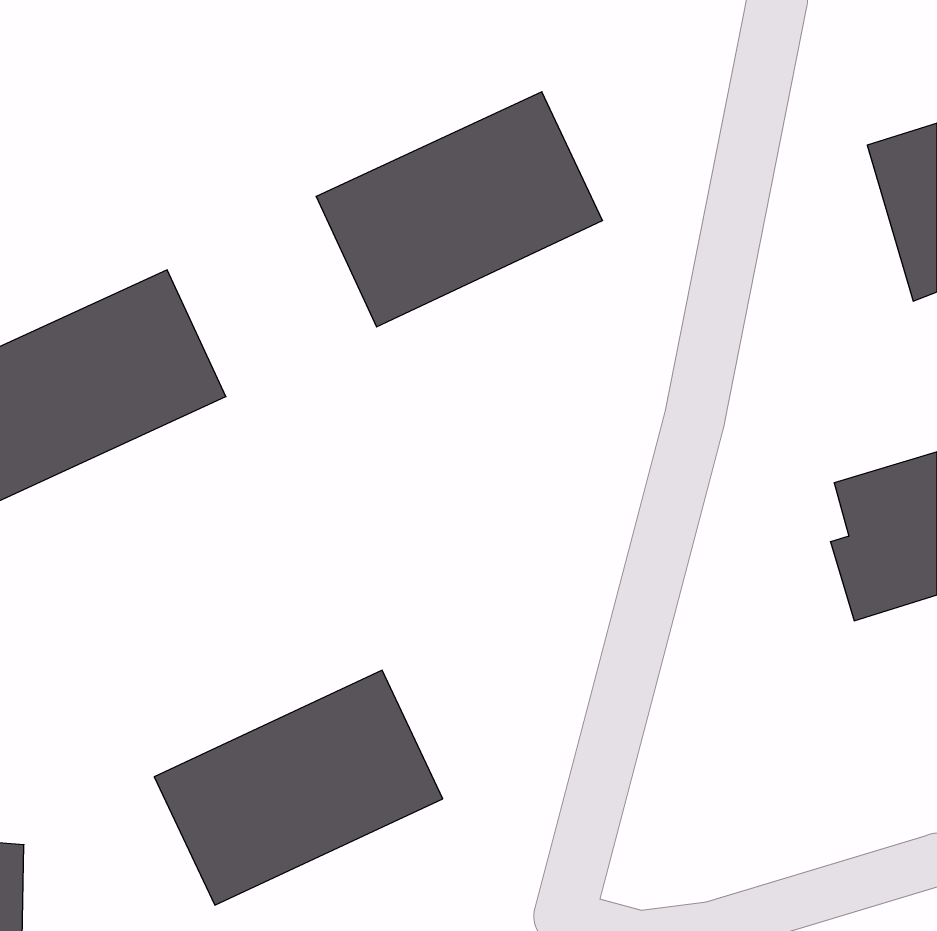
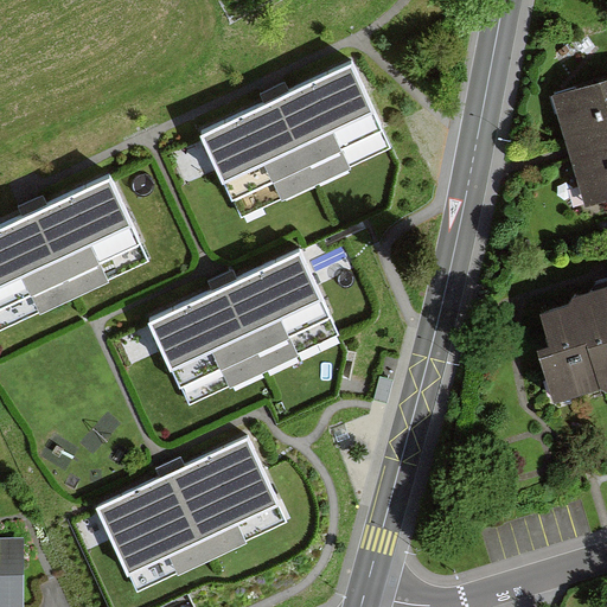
building: none -> [151,250,337,402]

